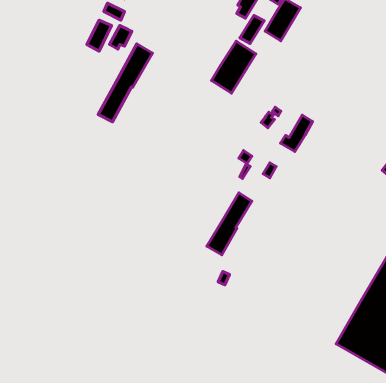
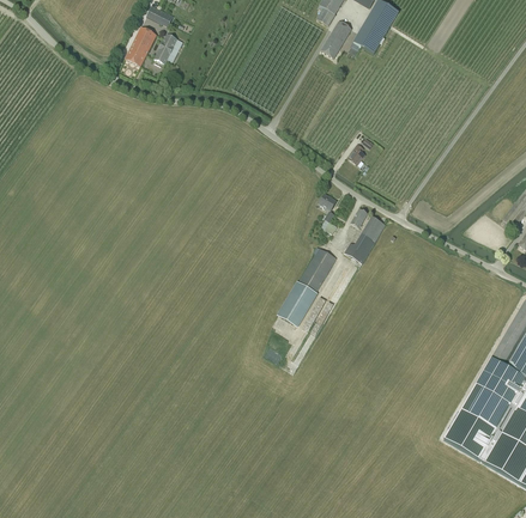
building: [211,41,256,93] -> none
building: [98,44,152,122] -> none
building: [281,115,313,152] -> [345,215,386,262]

